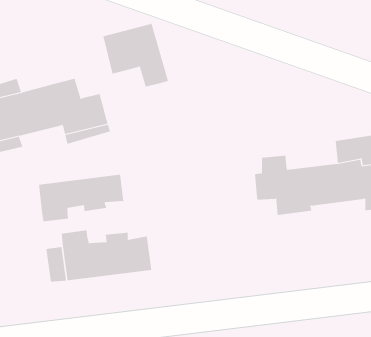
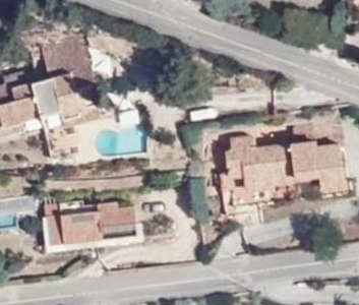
building: [102,23,169,87] -> [40,36,97,90]
building: [39,174,124,222] -> none

